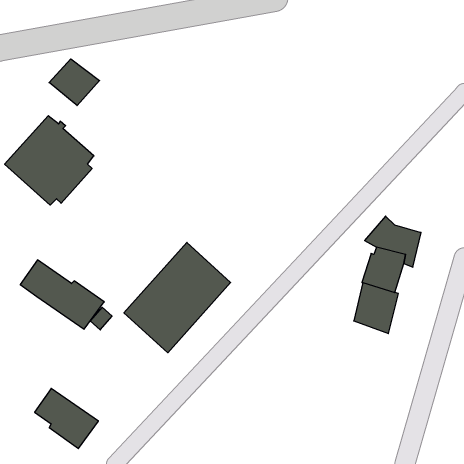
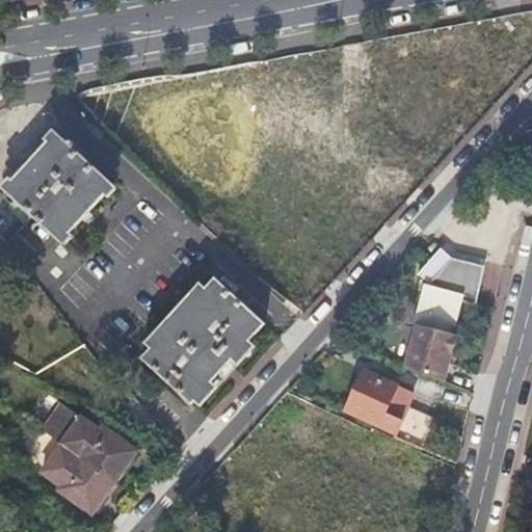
building: [49,59,100,106] -> none
building: [20,260,104,329] -> [39,401,135,480]
building: none -> [345,369,431,447]

